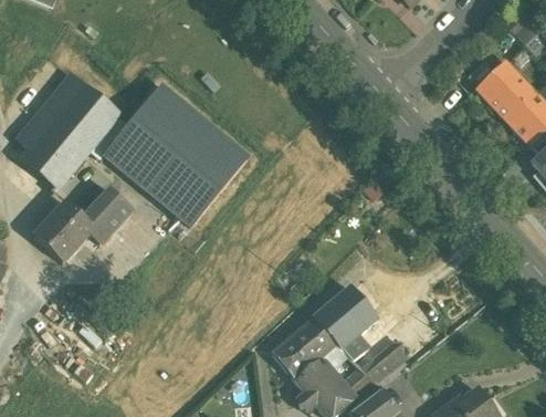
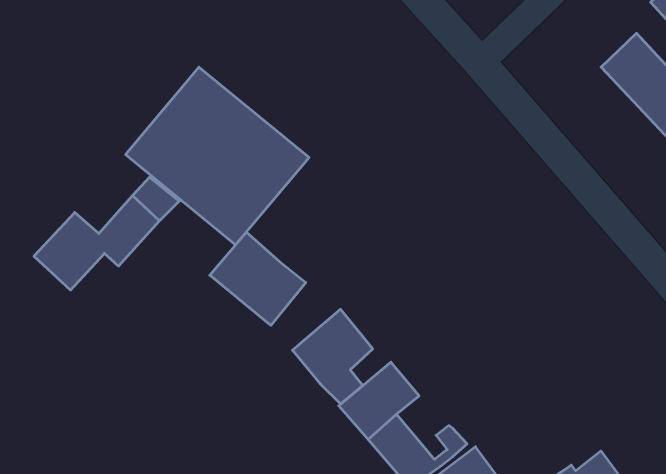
building: [18,75,116,185] -> none
building: none -> [210,232,306,325]
building: [314,286,377,361] -> [292,309,373,404]
building: [363,337,409,383] -> none

